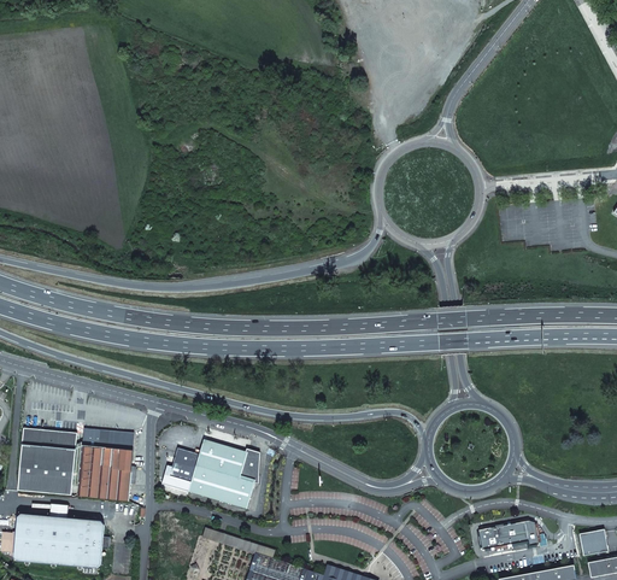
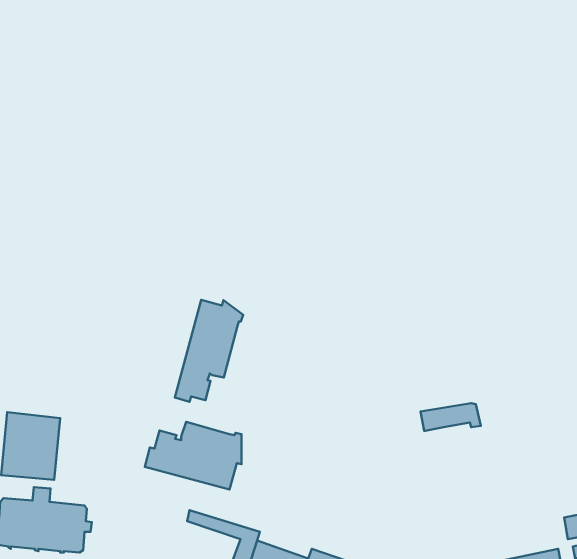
building: none -> [175,300,243,402]
building: [77,429,136,502] -> none
building: [478,521,539,549] -> [420,403,481,431]

